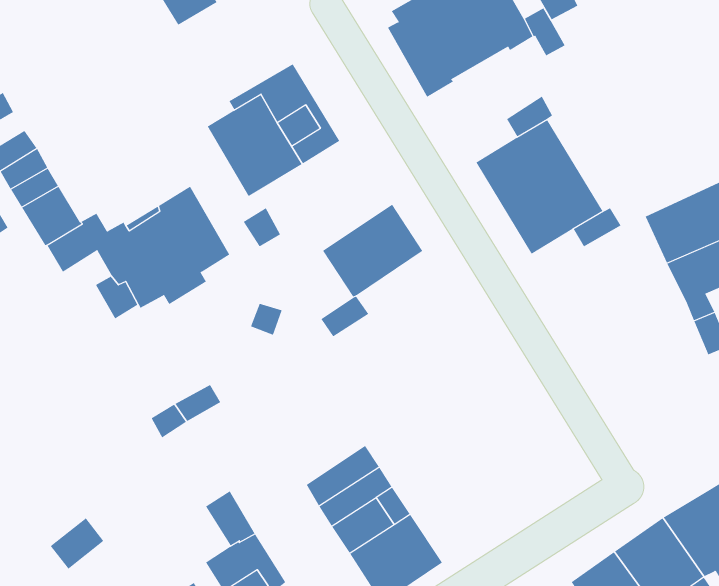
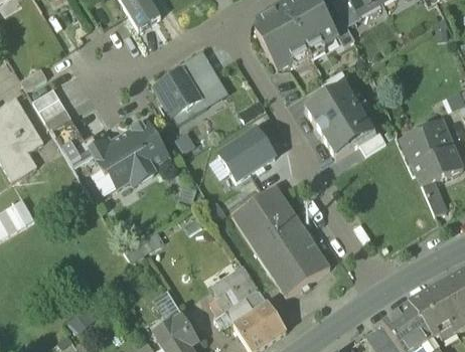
building: none -> [230,185,329,297]

